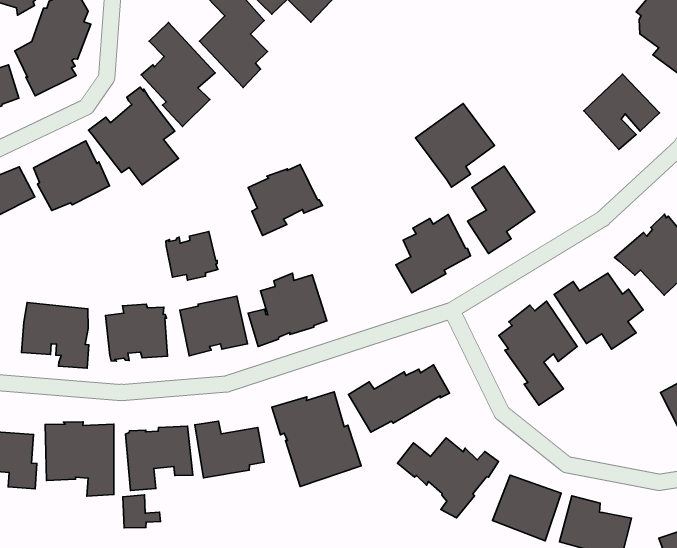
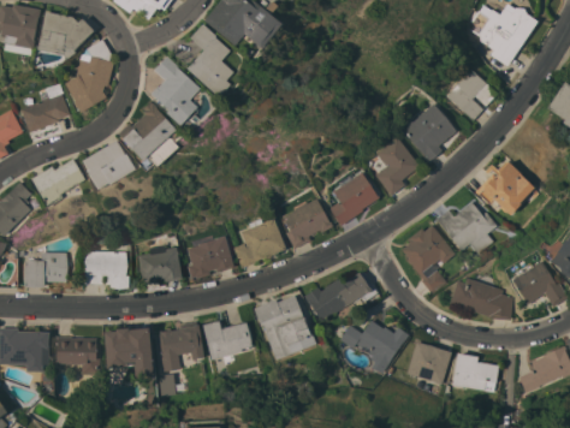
building: [416,103,494,187] -> [403,103,456,160]
building: [248,164,322,235] -> [283,198,333,248]
building: [166,231,218,280] -> none
building: none -> [449,274,511,316]

